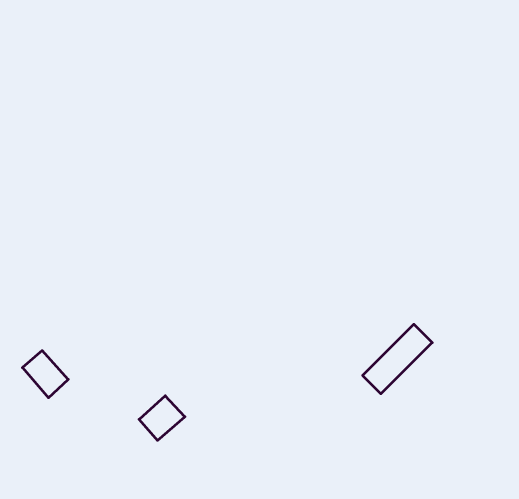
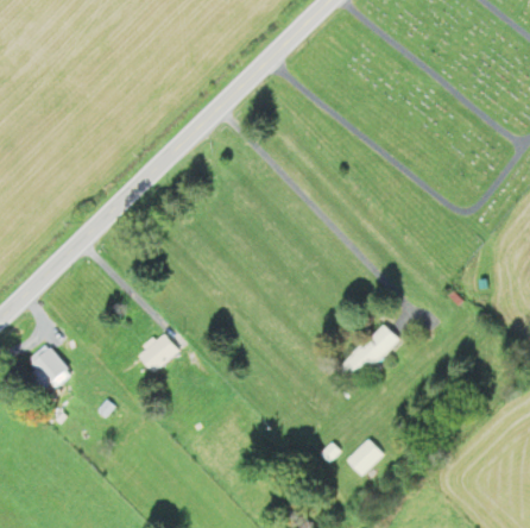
building: [139,396,185,440] -> [138,332,179,372]
building: none -> [346,439,384,476]

